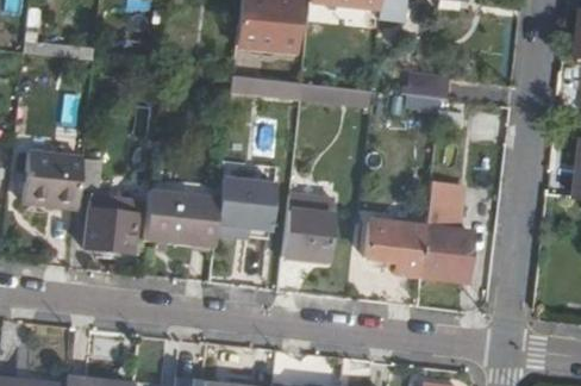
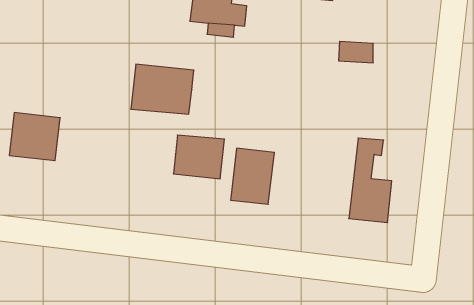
building: [145,194,219,253] -> [131,64,194,114]
building: [86,198,138,251] -> none
building: [367,222,427,276] -> none

